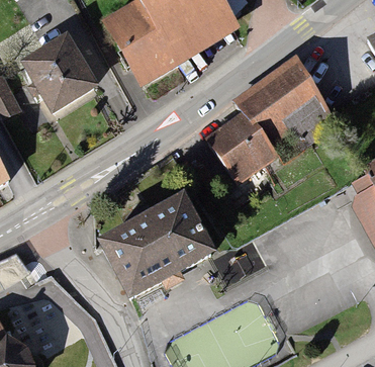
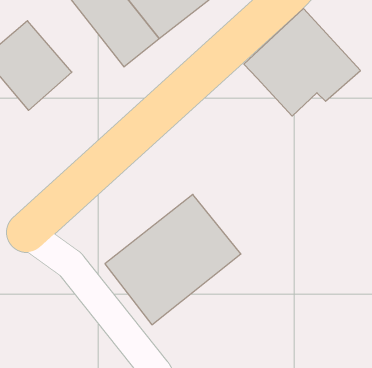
building: [206,109,276,180] -> none

